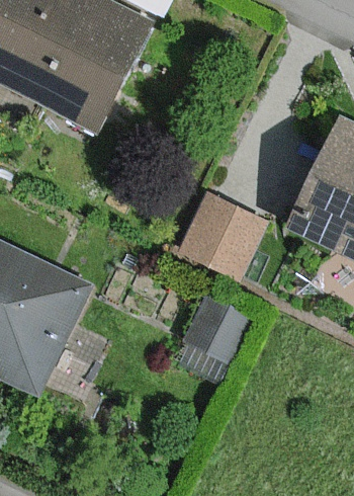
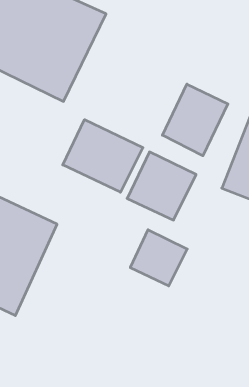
building: none -> [162,84,228,156]
building: none -> [63,120,143,192]

